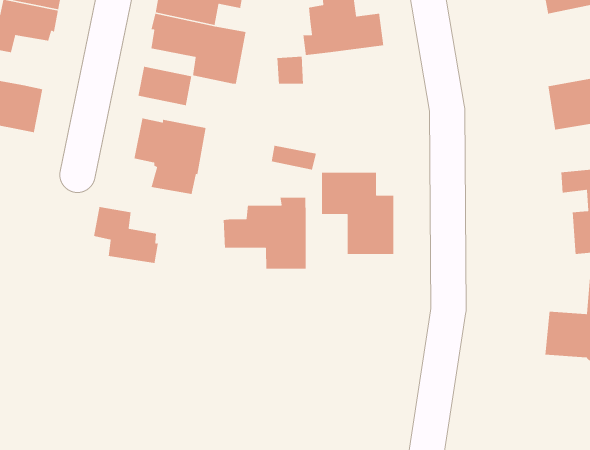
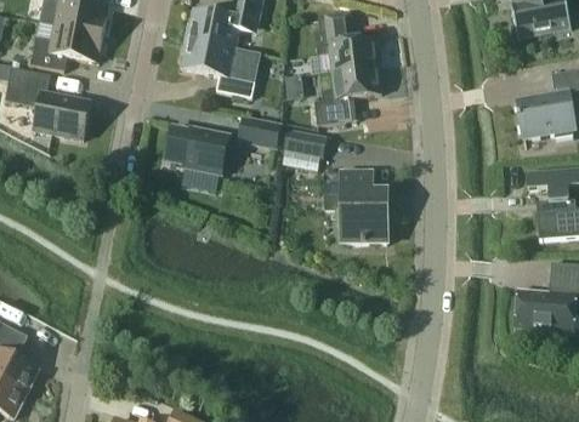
building: none -> [314,64,382,124]
building: [138,66,192,106] -> [235,114,282,148]
building: none -> [284,129,327,155]
building: [223,197,306,269] -> none
building: [93,206,159,264] -> none

